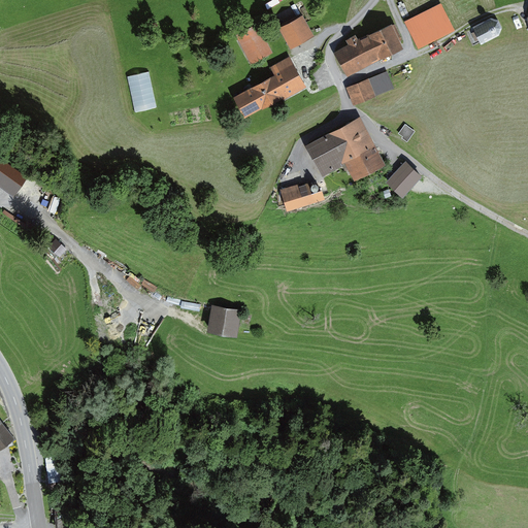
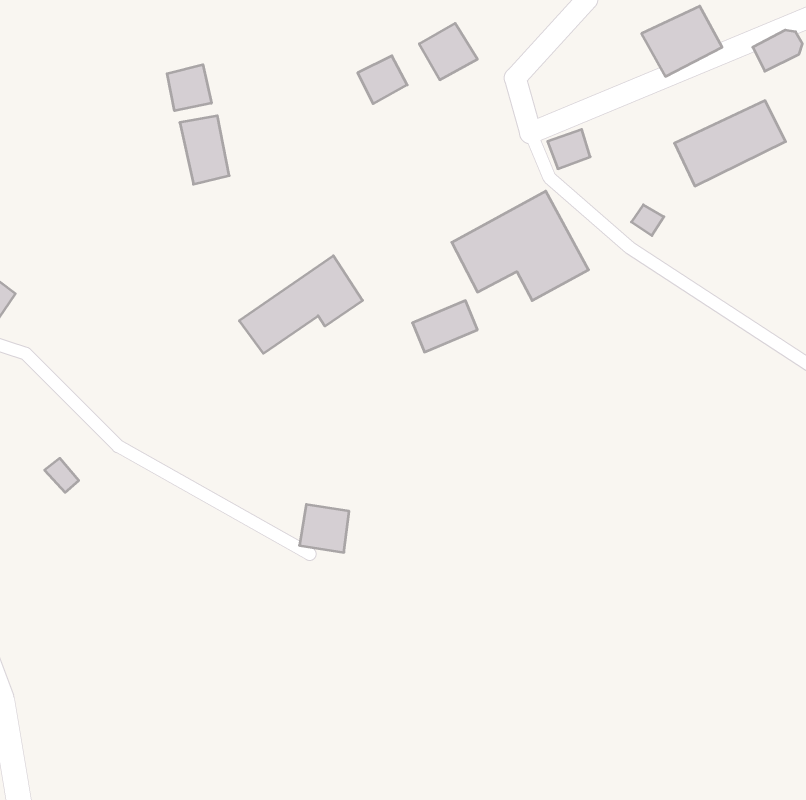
building: [337,26,404,77] -> [674,101,786,186]
building: none -> [167,65,211,111]
building: [226,61,300,120] -> [239,256,363,353]
building: [390,161,419,190] -> none

